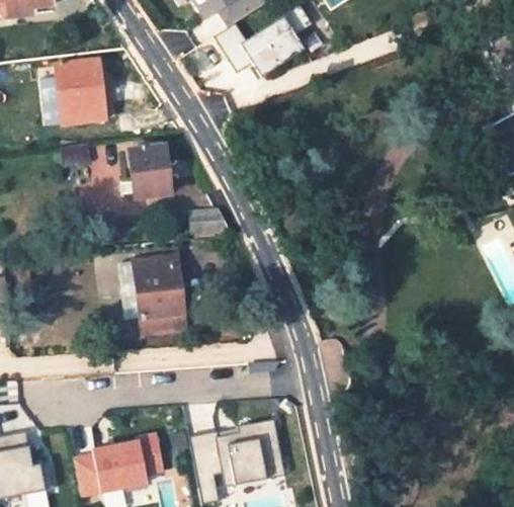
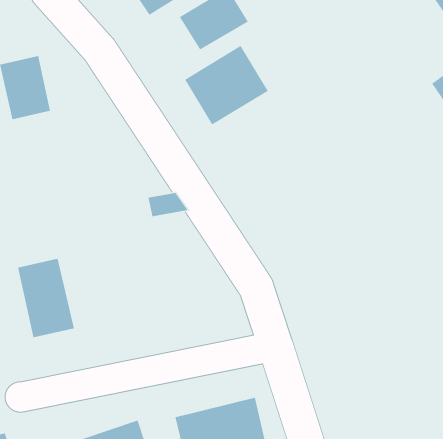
building: none -> [184,45,269,125]
building: [131,147,172,199] -> none
building: [137,257,187,334] -> [17,258,75,338]

